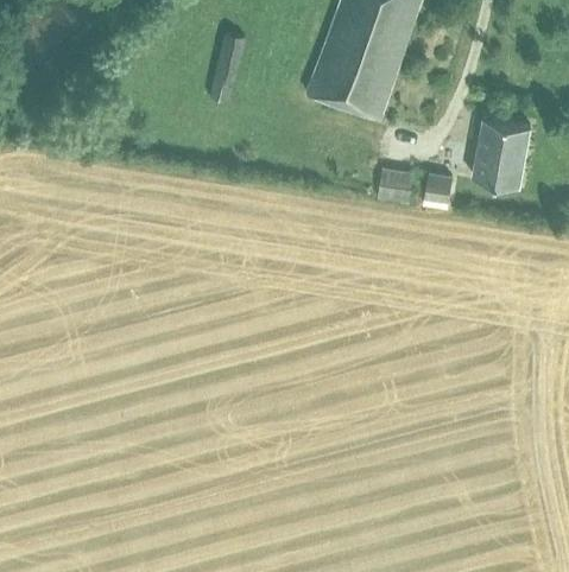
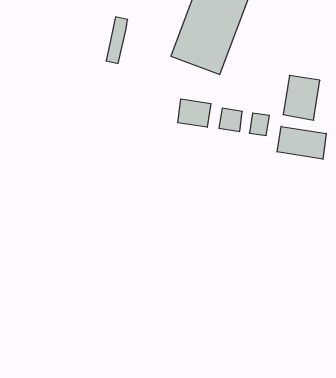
building: none -> [178,99,211,127]
building: none -> [277,126,326,159]

